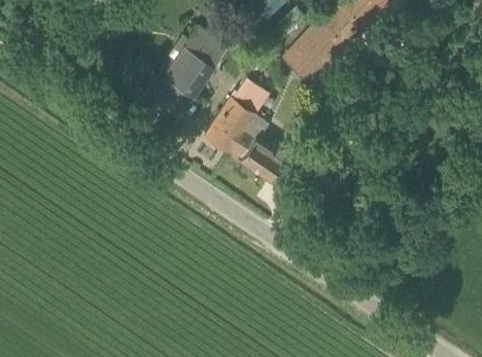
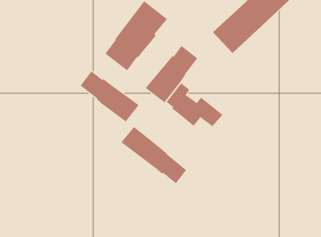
building: none -> [80,70,140,123]
building: none -> [121,126,187,184]

